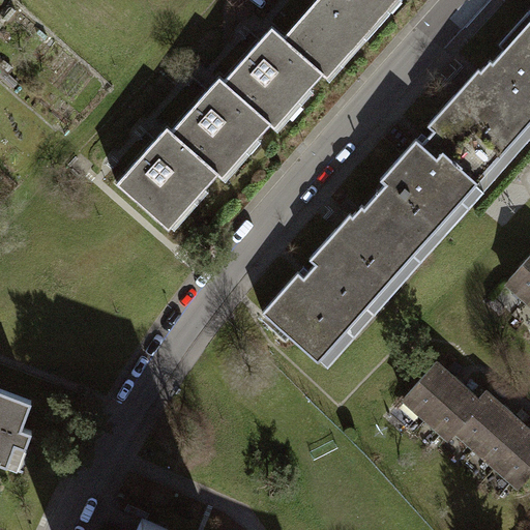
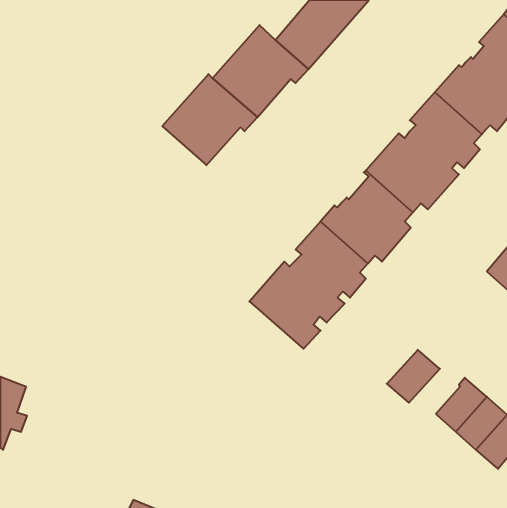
building: [119,130,218,227] -> none
building: [428,385,480,441] -> none

